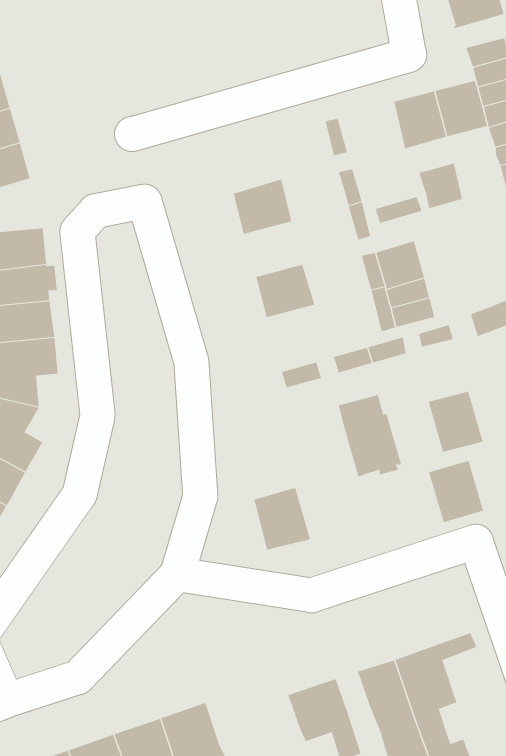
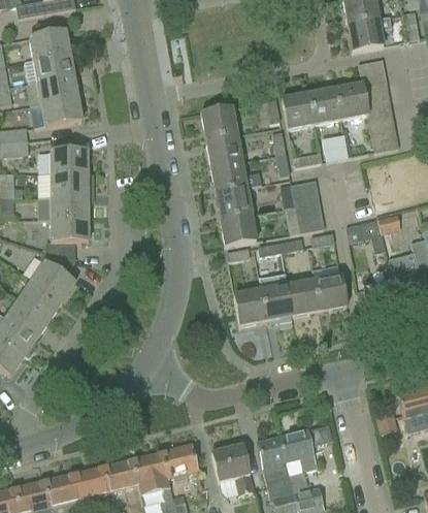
building: none -> [282,92,315,127]
building: none -> [200,106,237,139]
building: none -> [210,160,261,192]
building: none -> [220,213,255,246]
building: [428,460,484,523] -> [289,279,321,316]
building: [254,487,311,550] -> [234,288,267,325]
building: none -> [161,444,198,478]

